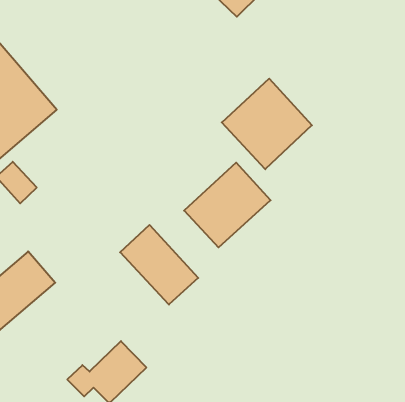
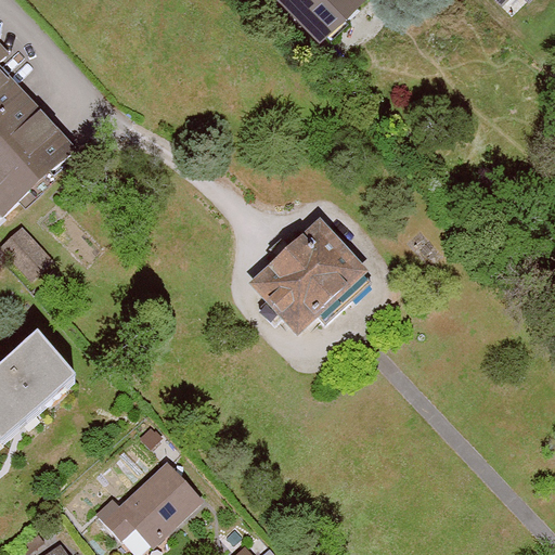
building: [222,79,312,169] -> none
building: [120,225,198,305] -> none

